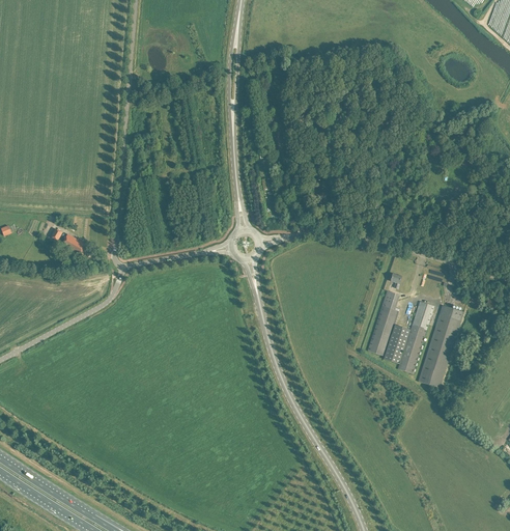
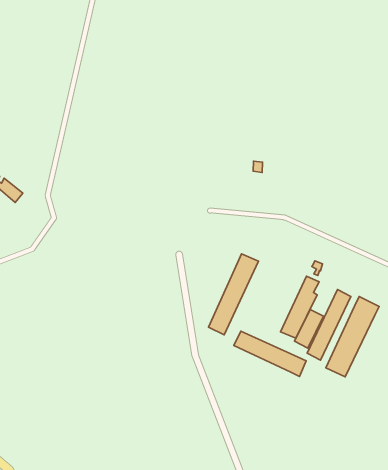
building: none -> [209,254,259,335]
building: none -> [234,331,306,376]

